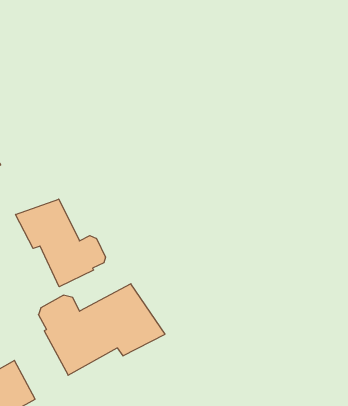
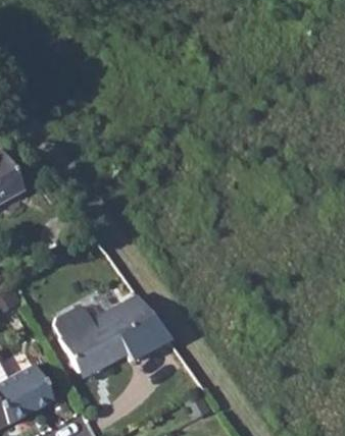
building: [16,199,105,287] -> none

